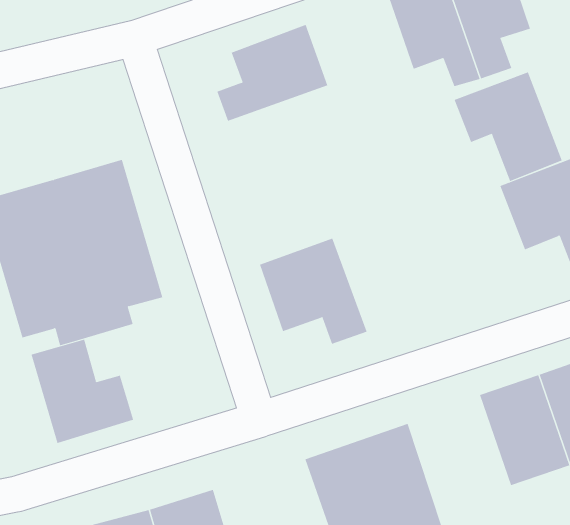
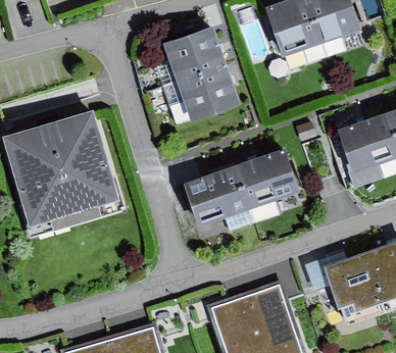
building: [454,72,562,182] -> none
building: none -> [161,64,241,120]
building: none -> [230,144,299,224]
building: [31,339,134,444] -> none

